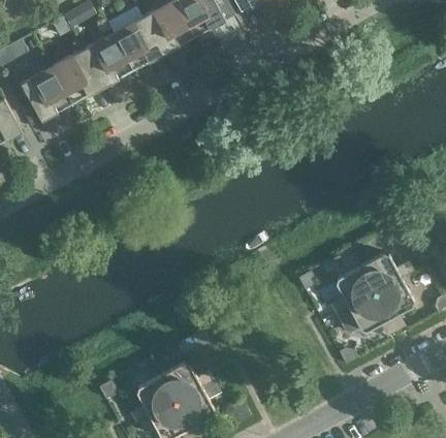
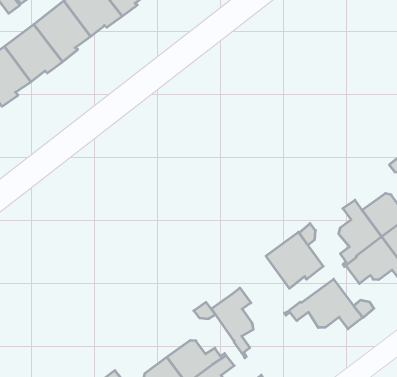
building: none -> [266,232,323,288]
building: none -> [211,288,253,358]
building: none -> [284,279,363,329]

